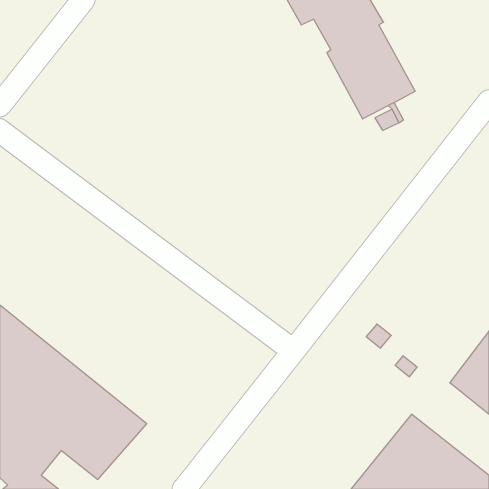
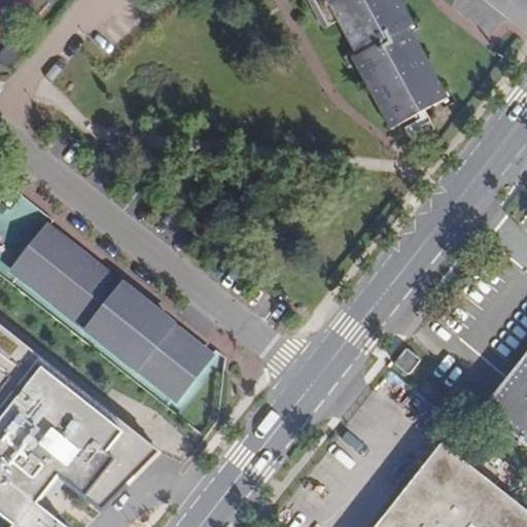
building: none -> [15,226,215,400]

